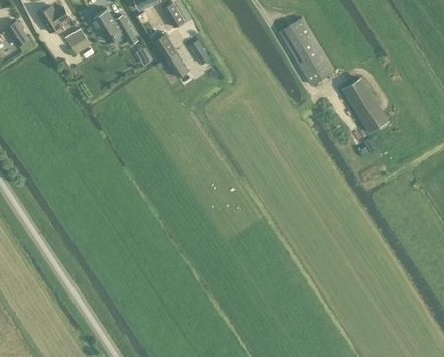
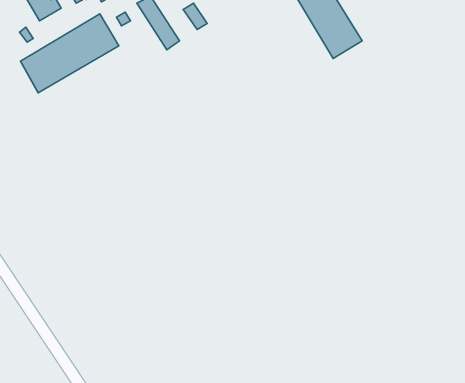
building: none -> [21,14,119,93]
building: [341,78,386,132] -> none

